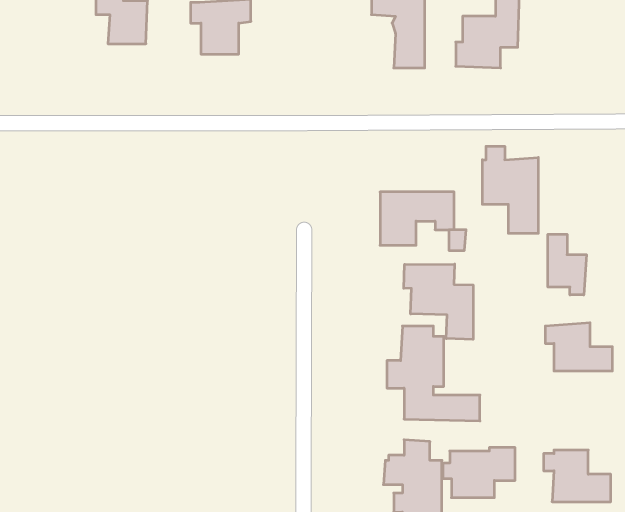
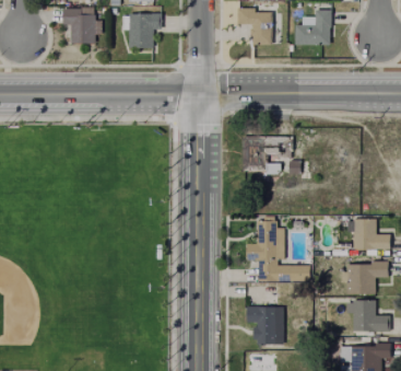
building: [482,146,538,233] -> none
building: [548,234,586,295] -> none
building: [404,264,473,339] -> none
building: [443,448,515,498] -> [343,262,389,293]

